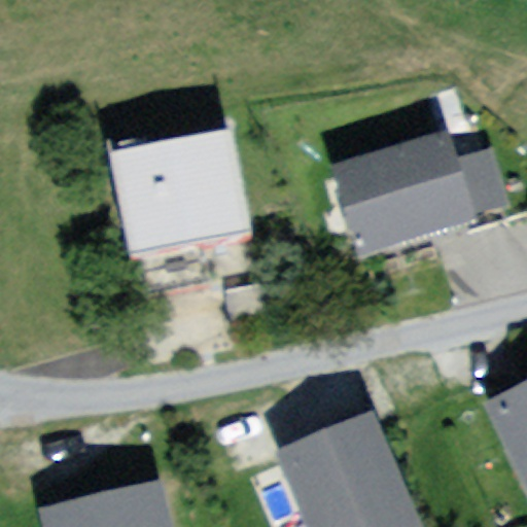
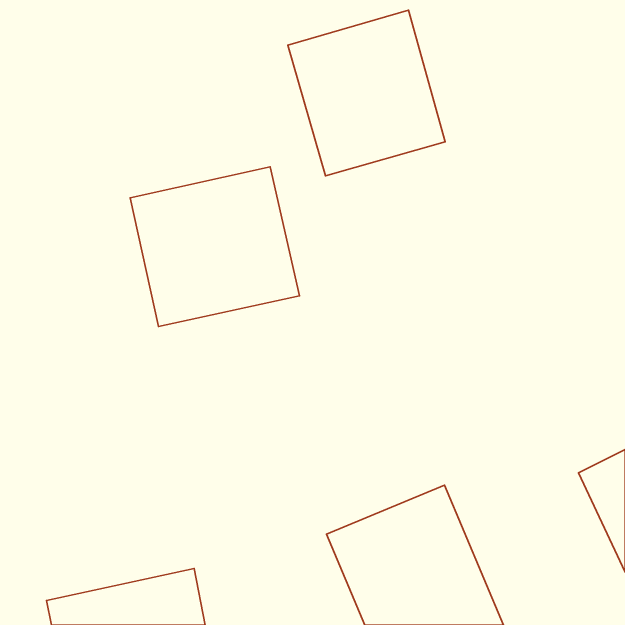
building: none -> [288,10,445,176]
building: [333,129,508,266] -> none

